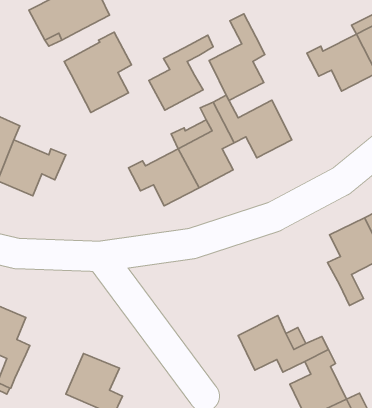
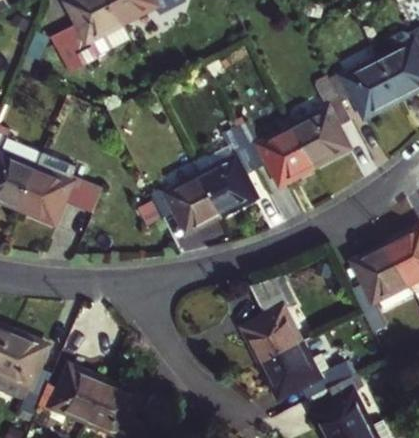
building: [209,14,265,101] -> [294,80,350,167]
building: [64,32,132,112] -> none
building: [149,35,213,110] -> none
building: none -> [243,293,300,363]
building: none -> [36,366,105,422]

